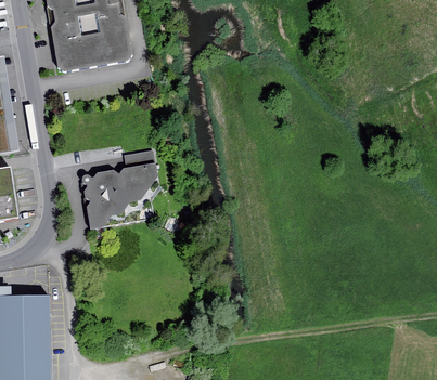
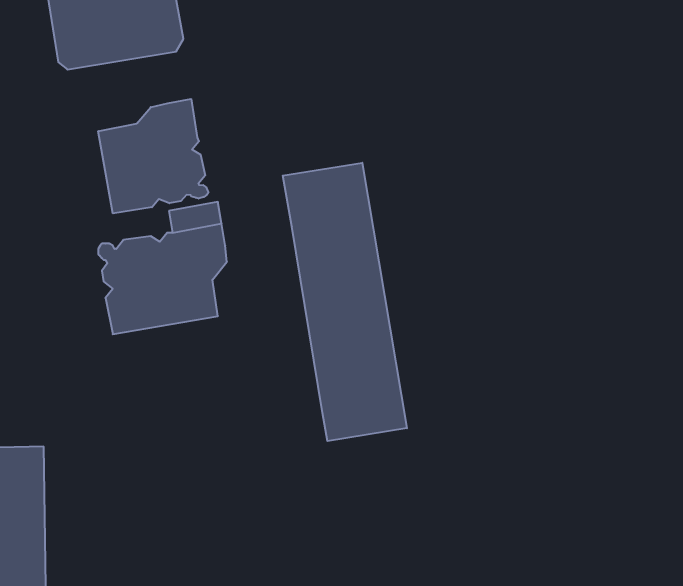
building: none -> [98,99,208,213]
building: none -> [283,163,407,441]

